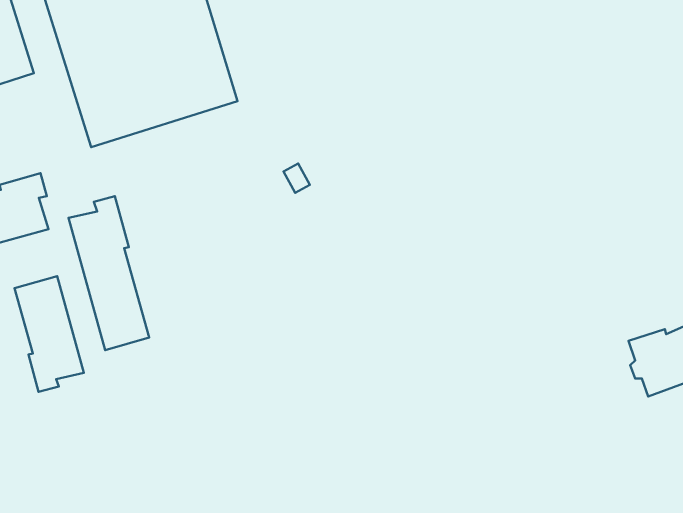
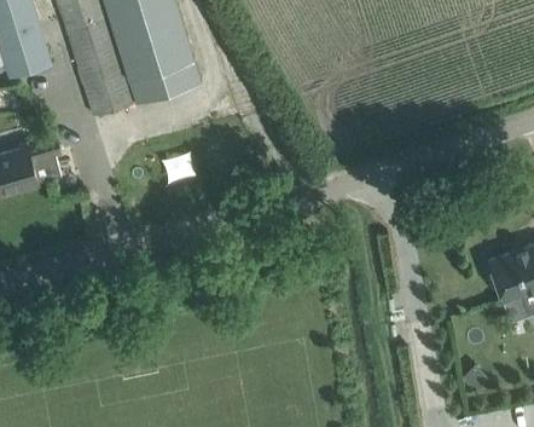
building: [68,196,149,350] -> none
building: [14,276,84,392] -> none

